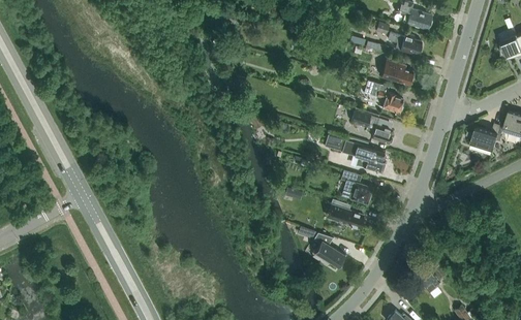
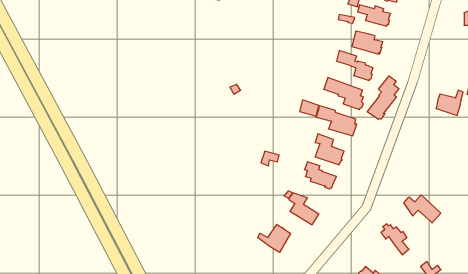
building: none -> [367,76,399,120]
building: none -> [404,195,441,223]
building: none -> [258,224,291,252]

